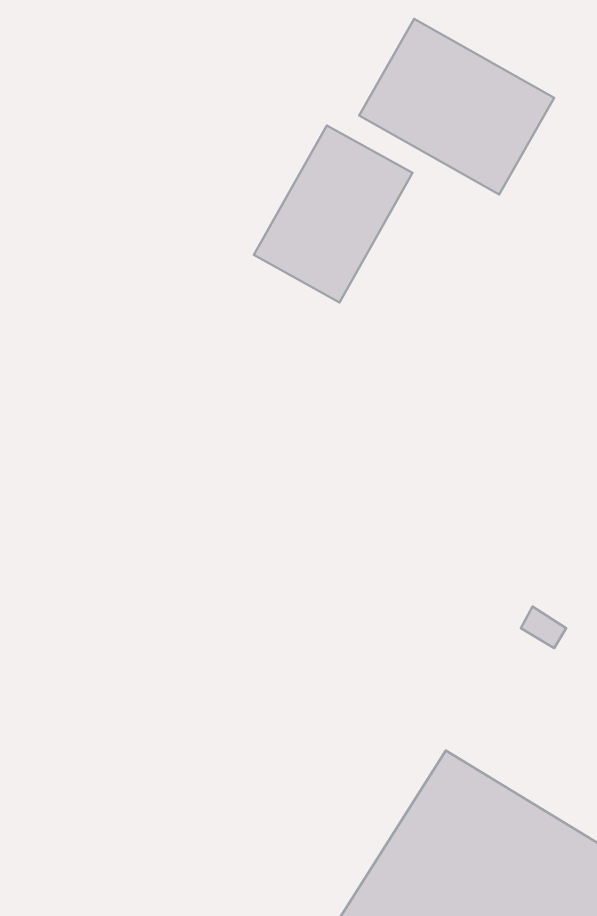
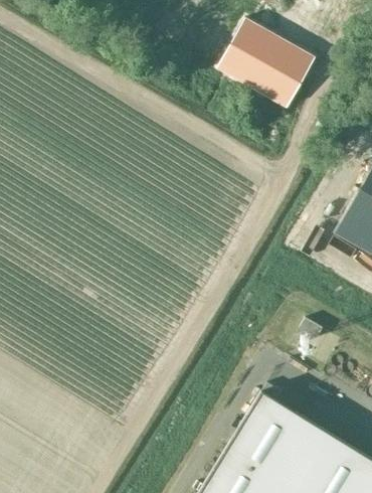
building: [254,125,412,302] -> none

